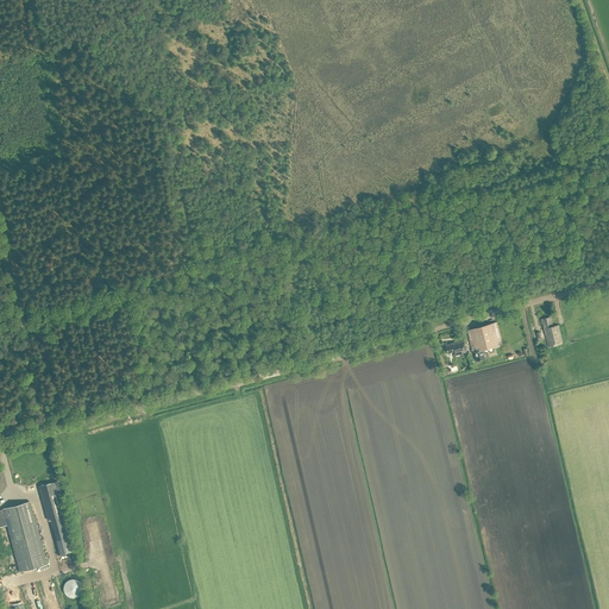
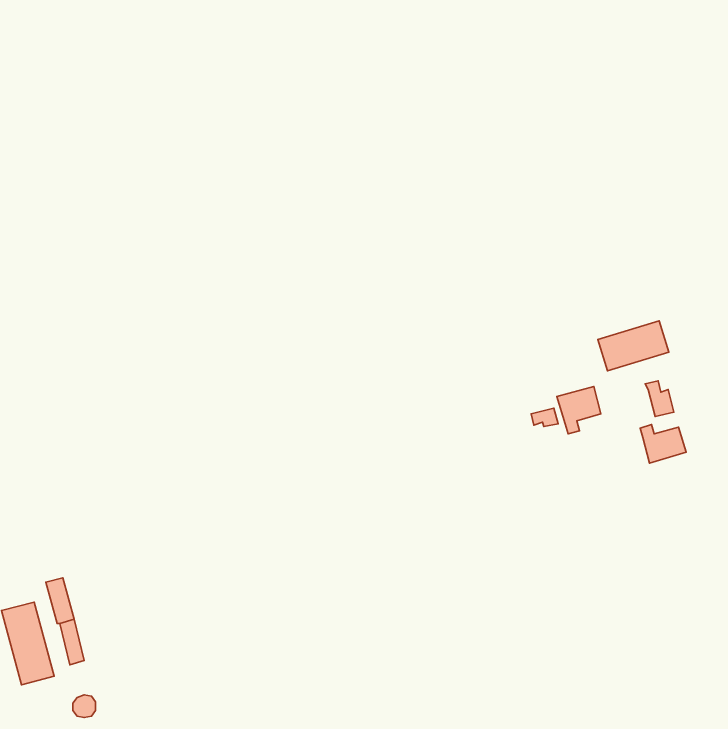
building: none -> [598,321,669,371]
building: none -> [640,425,686,463]

